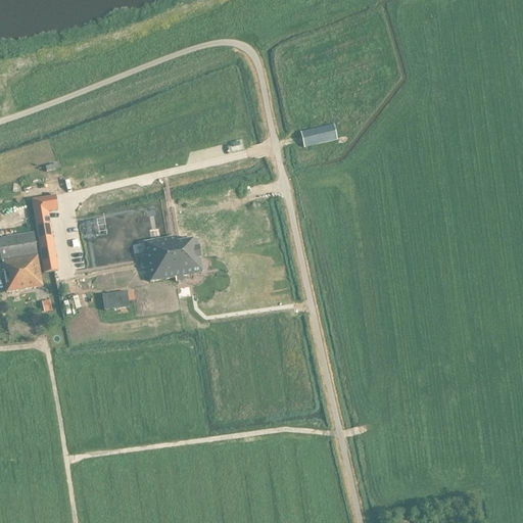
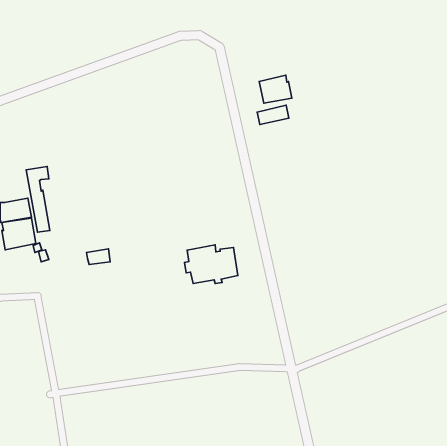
building: none -> [259,75,292,103]
building: [140,235,202,280] -> [184,245,238,283]

